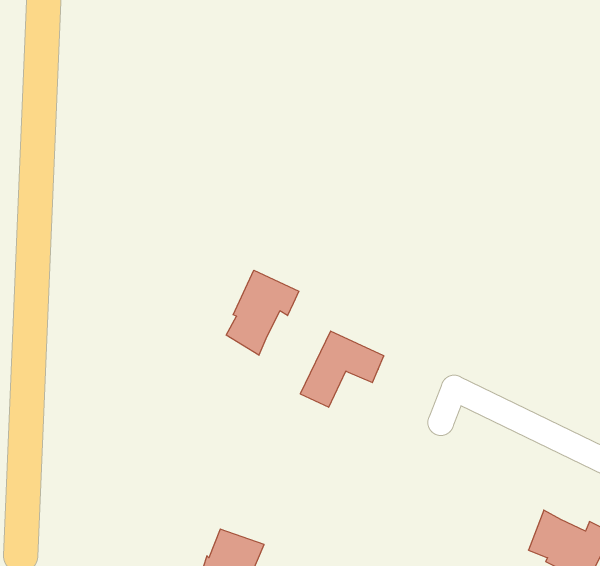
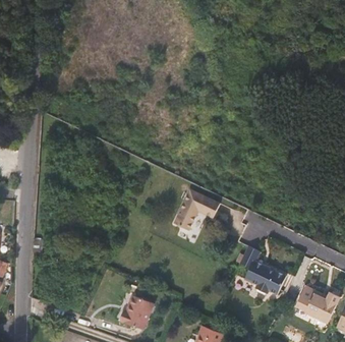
building: [226,270,299,355] -> none
building: none -> [239,246,287,295]

